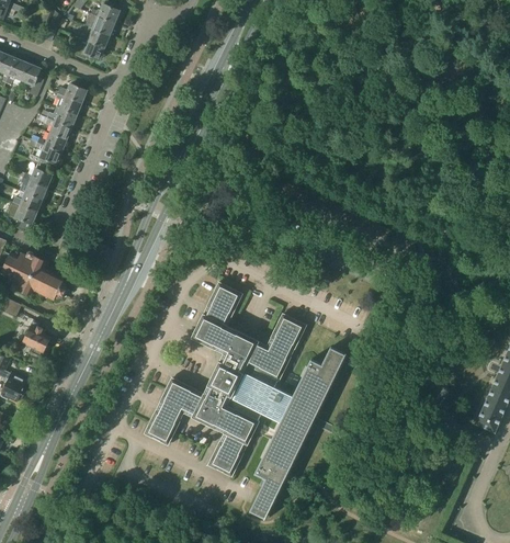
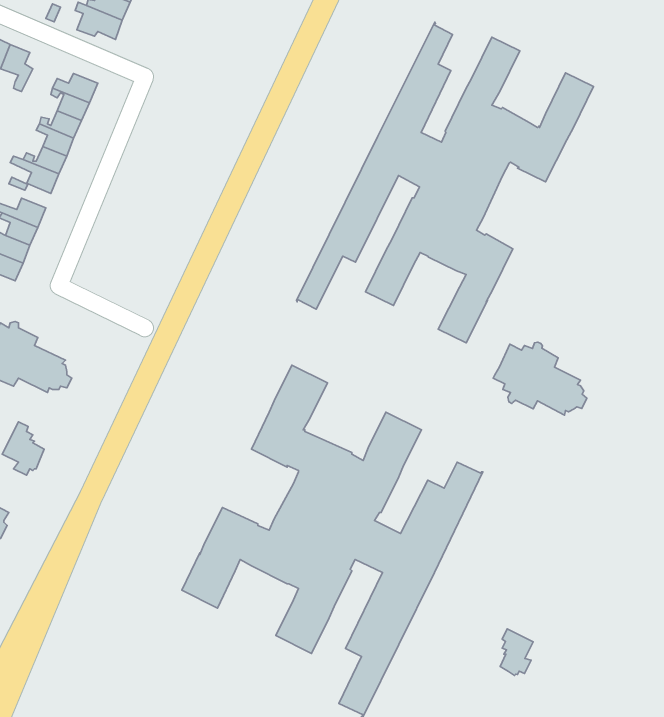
building: none -> [296,22,594,343]
building: none -> [493,342,587,415]
building: none -> [500,629,533,675]

